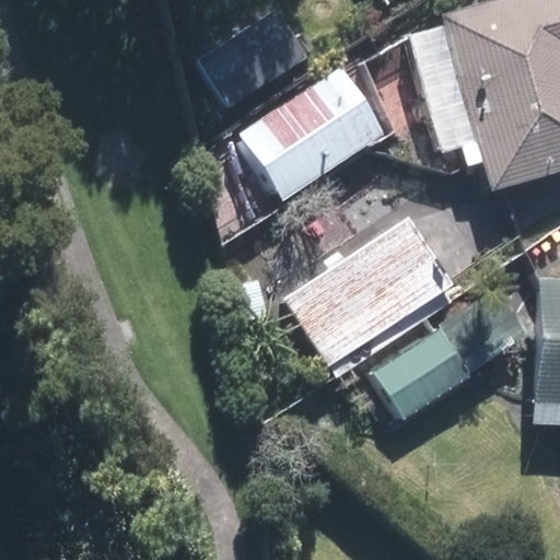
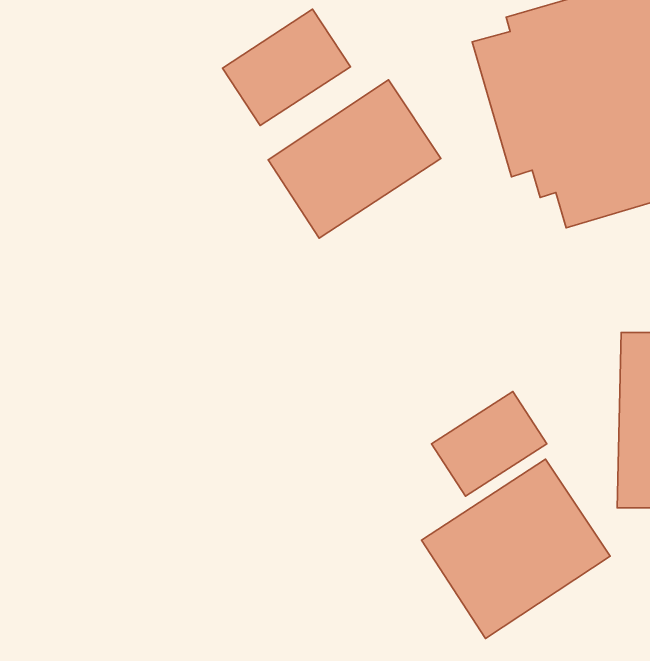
building: [281,217,458,376] -> none
building: none -> [421,459,610,638]

